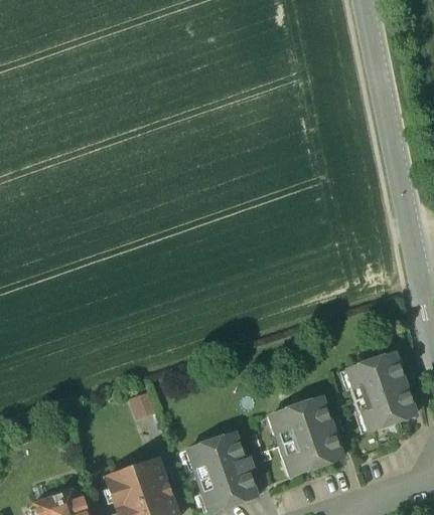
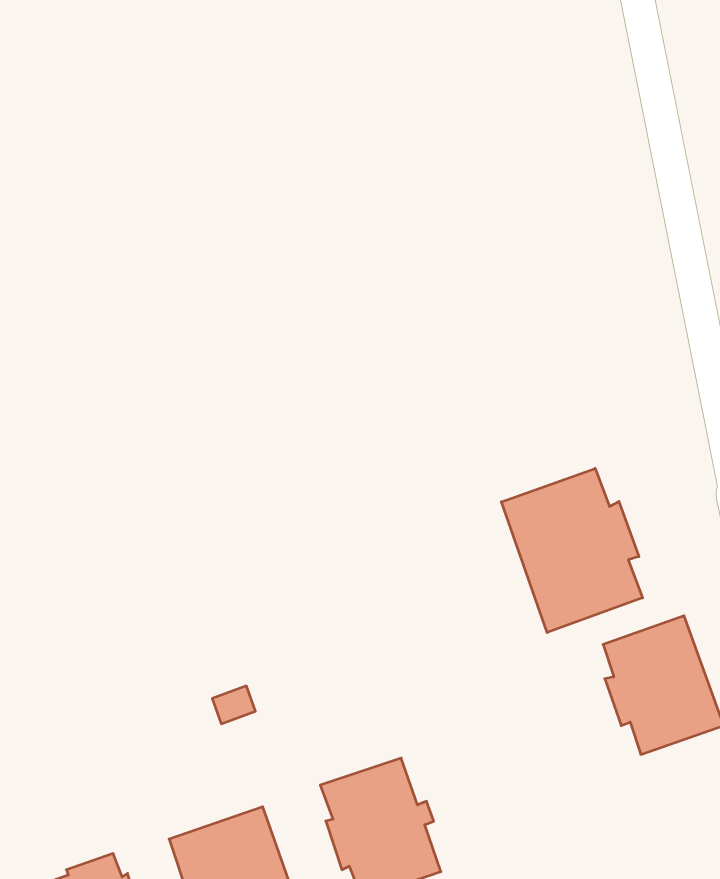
building: none -> [501,468,643,633]
building: [276,397,342,474] -> none

